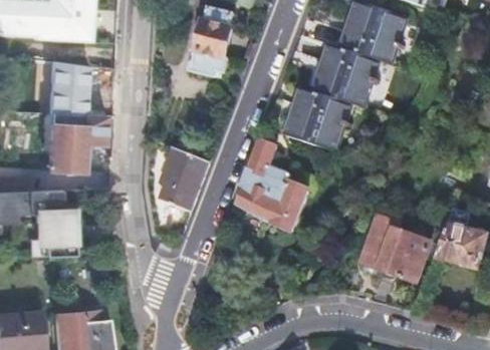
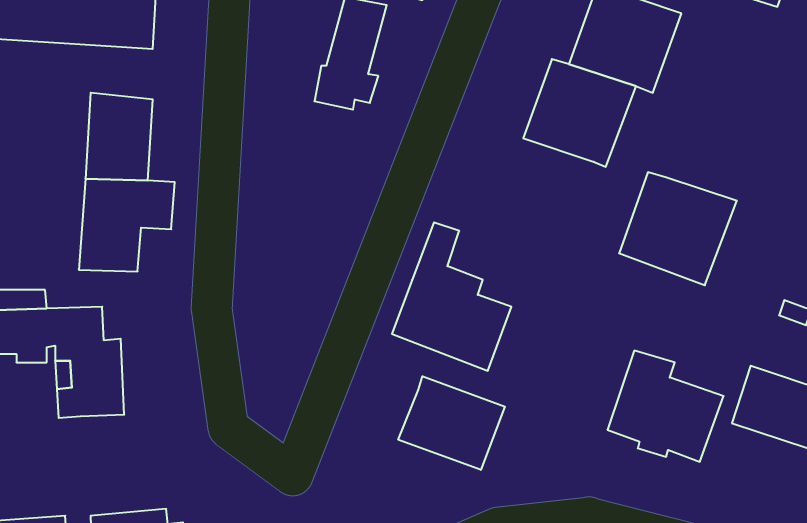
building: [284,86,354,153] -> [619,172,737,285]
building: [161,148,208,212] -> none
building: none -> [398,376,505,470]

